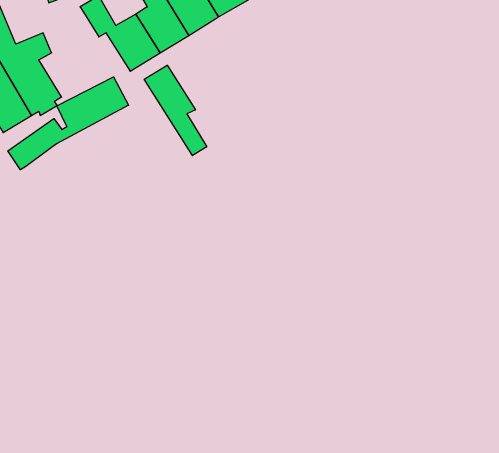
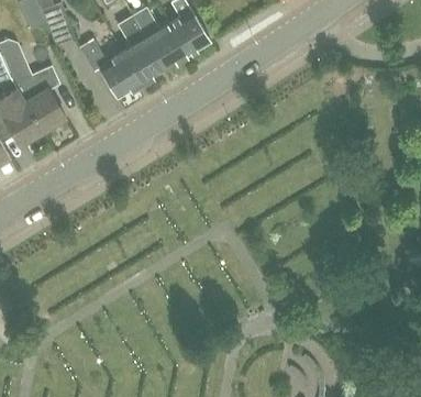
building: [144,65,207,156] -> none
building: [8,77,129,170] -> none

